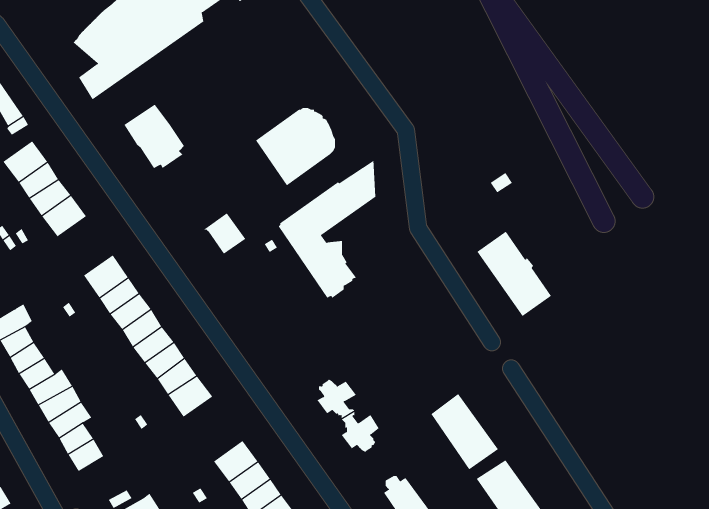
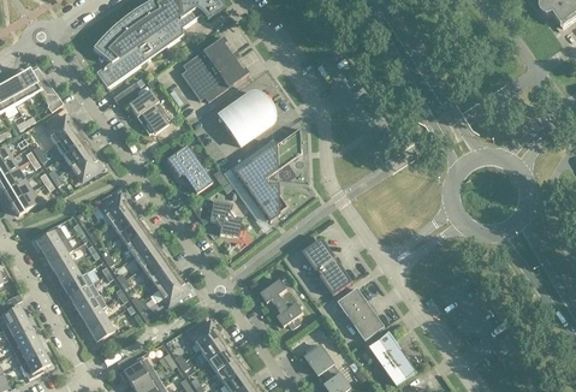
building: none -> [179,36,247,101]
building: none -> [165,144,197,176]
building: [476,231,552,317] -> [301,237,352,296]
building: none -> [208,201,239,237]

